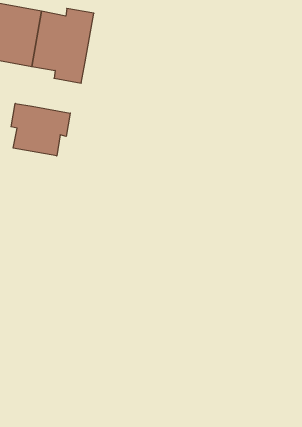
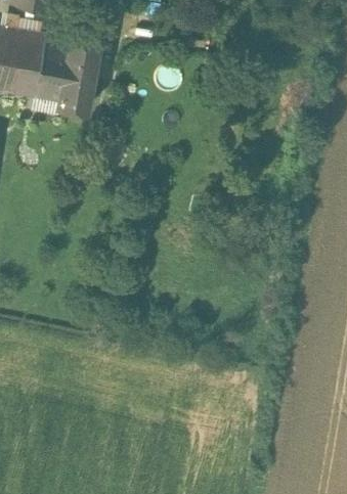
building: [11,103,70,156] -> none

